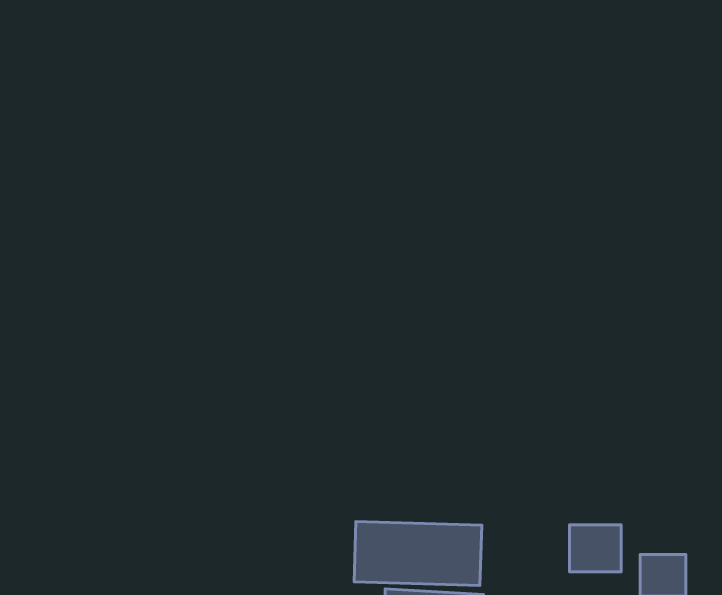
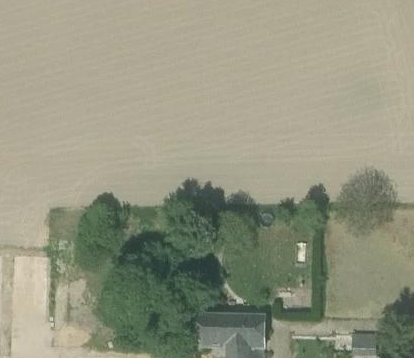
building: [570,525,621,572] -> none

